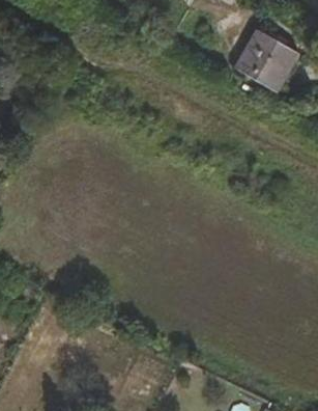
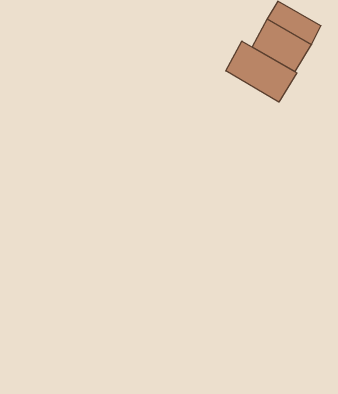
building: none -> [226,41,297,102]

